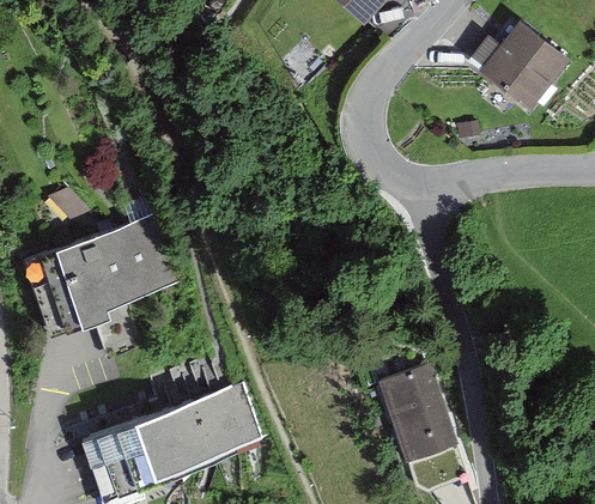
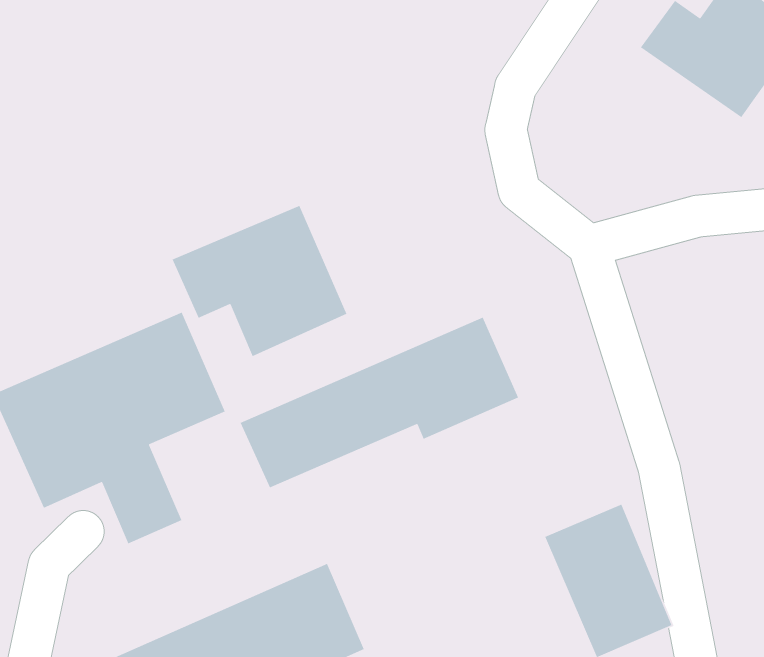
building: none -> [171,205,347,357]
building: none -> [240,317,519,489]

